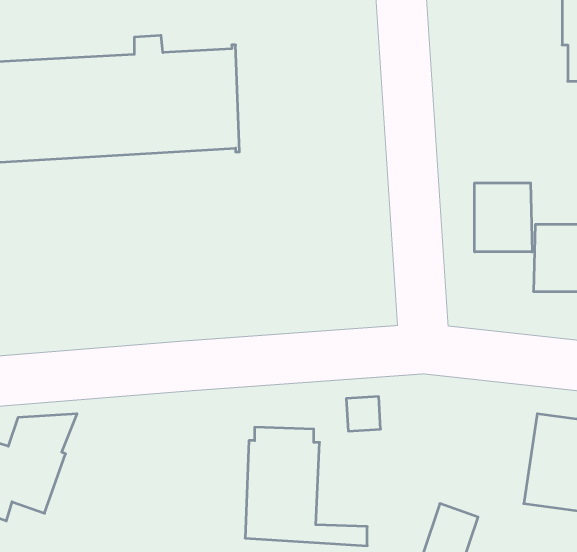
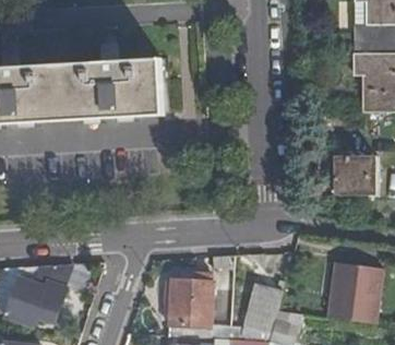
building: [475,183,532,252] -> none
building: none -> [240,285,279,337]

